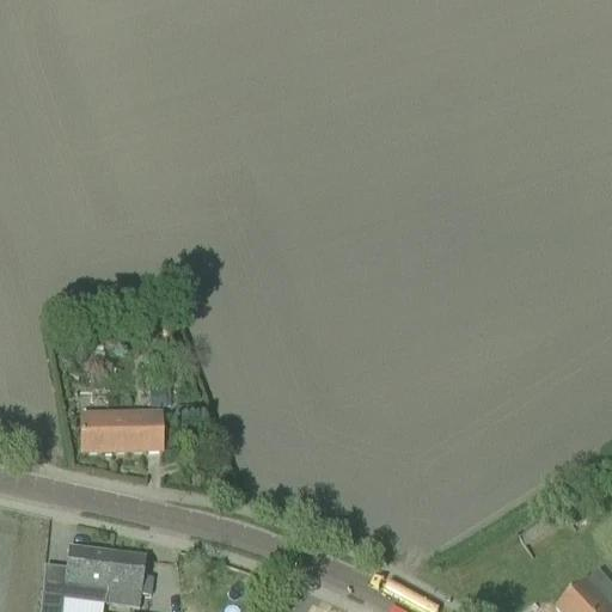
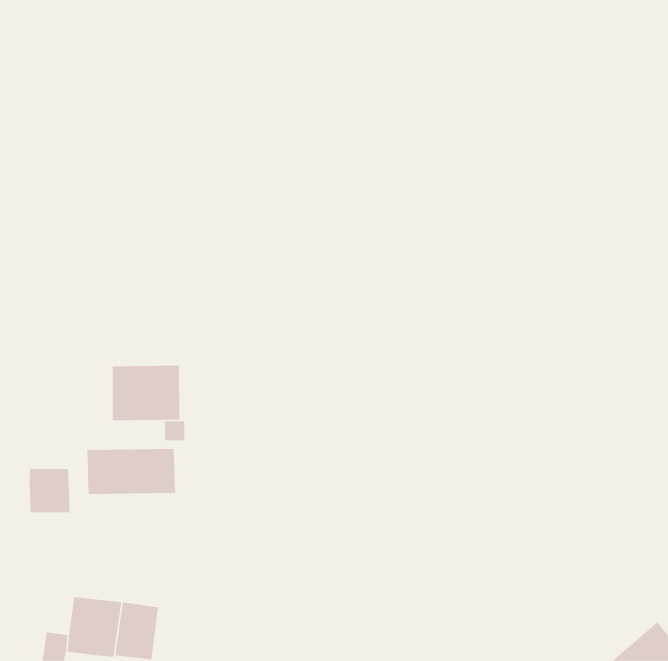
building: none -> [112,365,180,421]
building: none -> [29,468,70,513]

